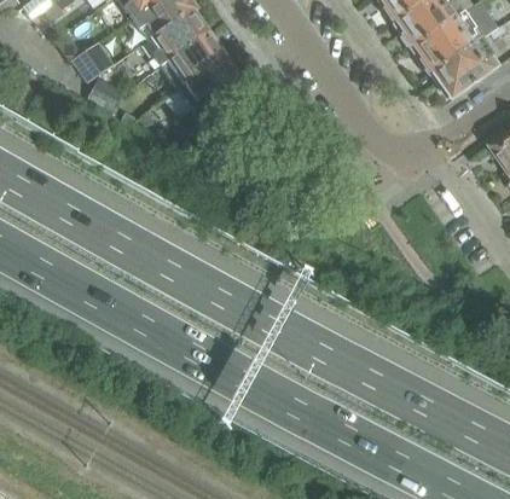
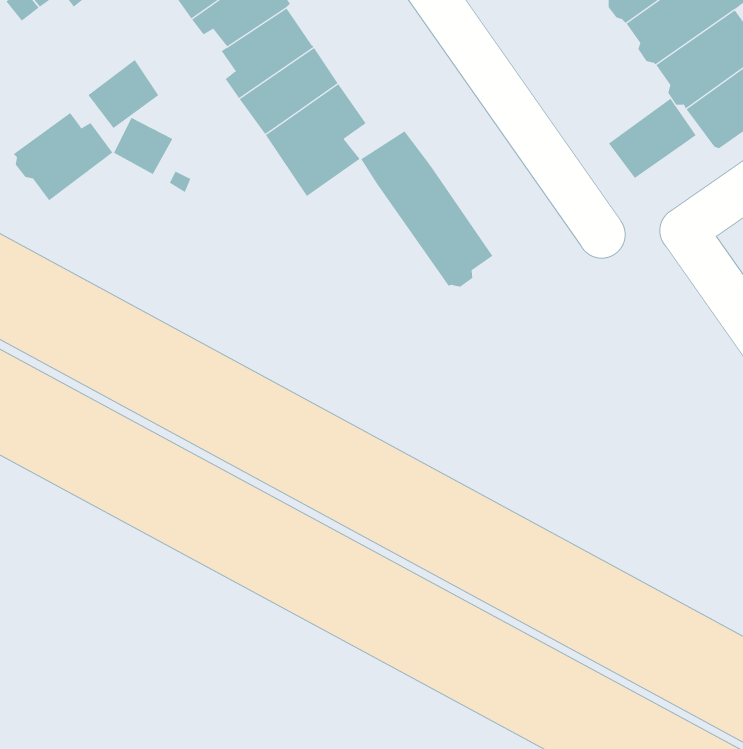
building: none -> [608,98,697,179]
building: none -> [13,112,113,201]
building: none -> [360,131,493,287]

